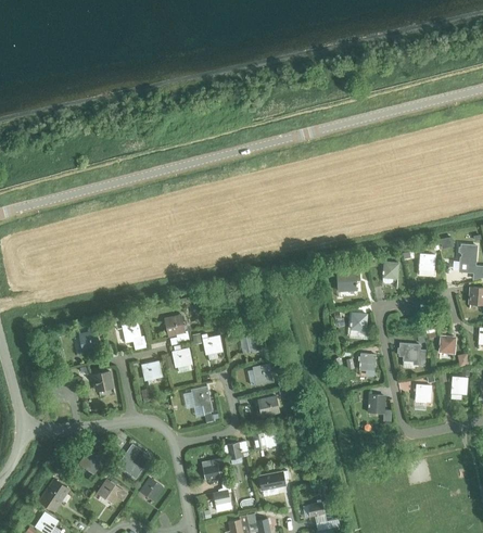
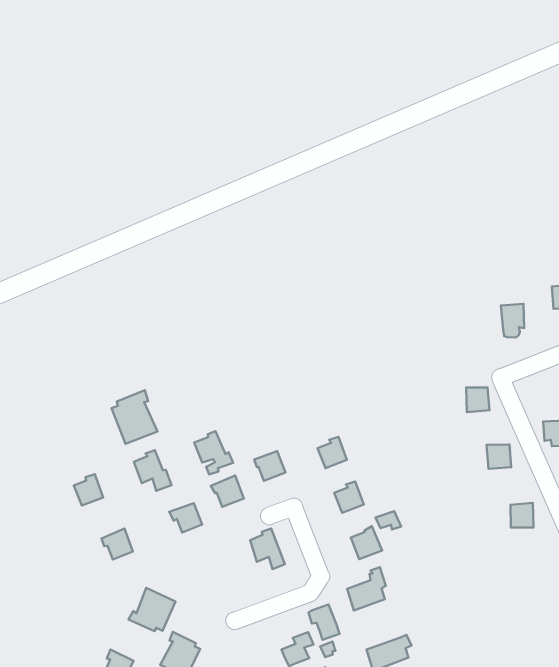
building: [336,269,359,293] -> none
building: none -> [111,390,158,444]
building: none -> [129,588,175,631]

